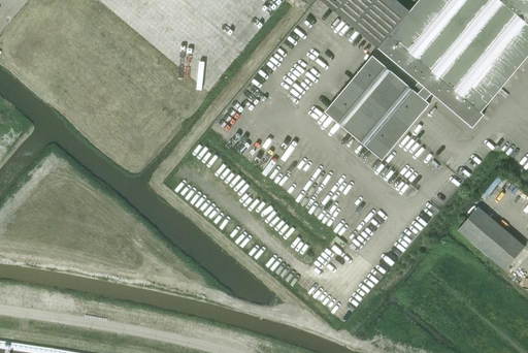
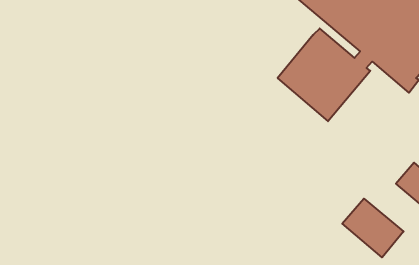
building: none -> [342,199,404,257]

